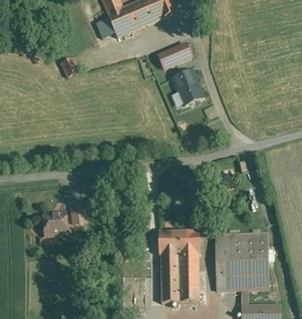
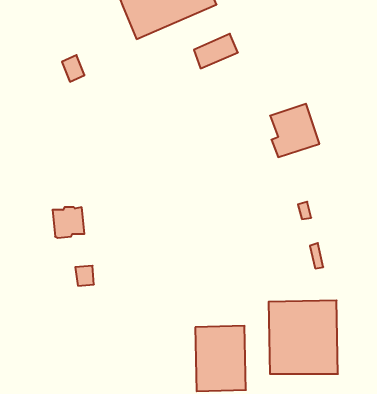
building: [170,68,207,108] -> [270,104,319,157]
building: [42,213,66,236] -> [52,207,84,238]
building: [160,229,198,254] -> none

